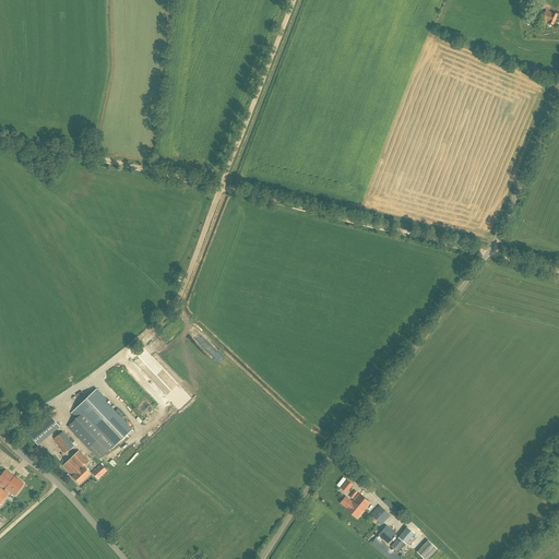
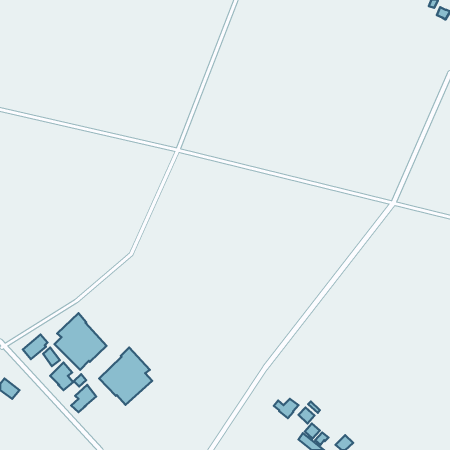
building: none -> [99,347,152,405]
building: none -> [71,385,96,412]

